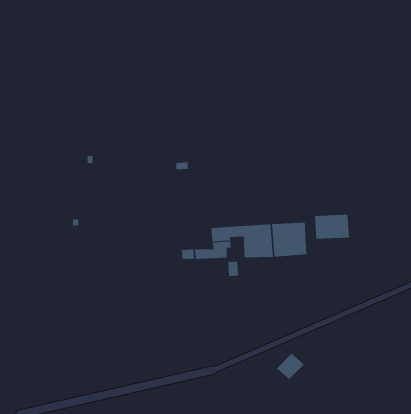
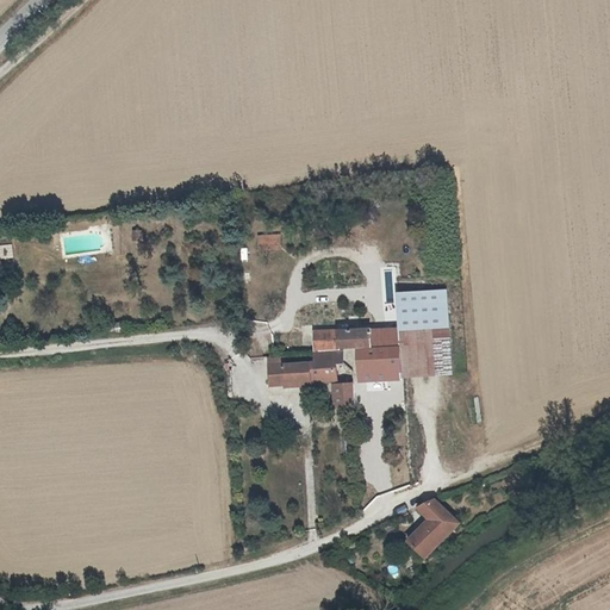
building: [314,214,350,239] -> [396,291,448,328]
building: none -> [415,497,459,534]

